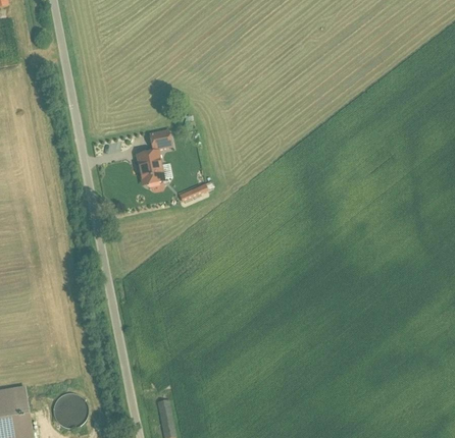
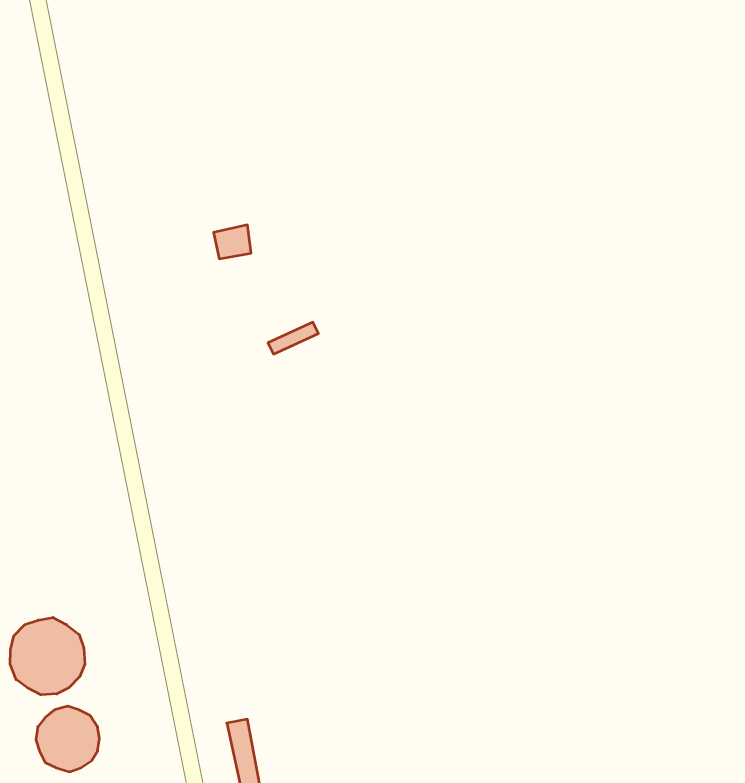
building: [138,152,163,184] -> none
building: none -> [10,617,85,695]

